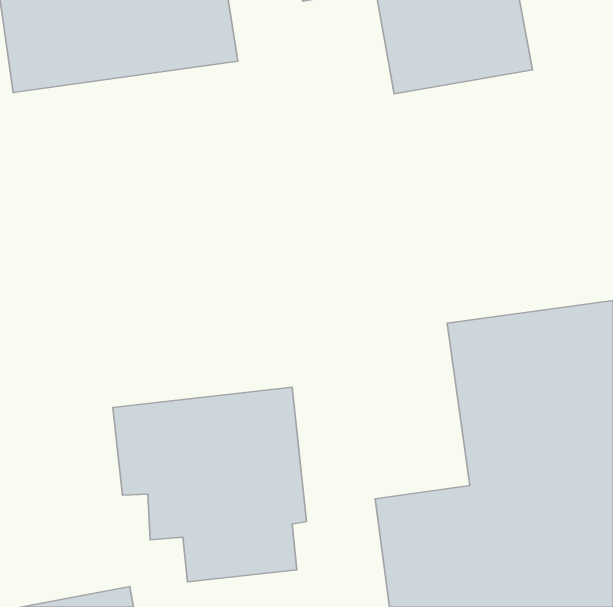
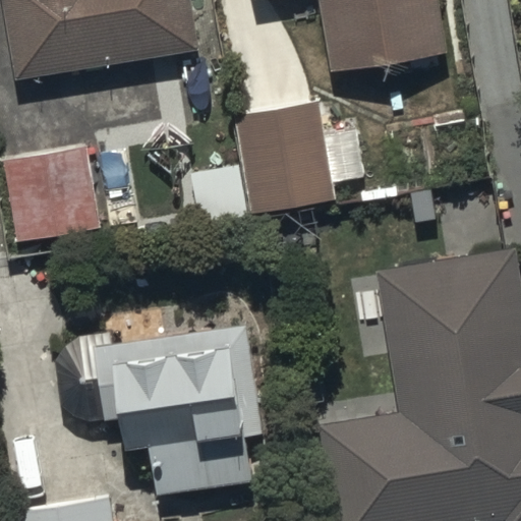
building: none -> [200,101,365,225]
building: none -> [7,139,96,228]

